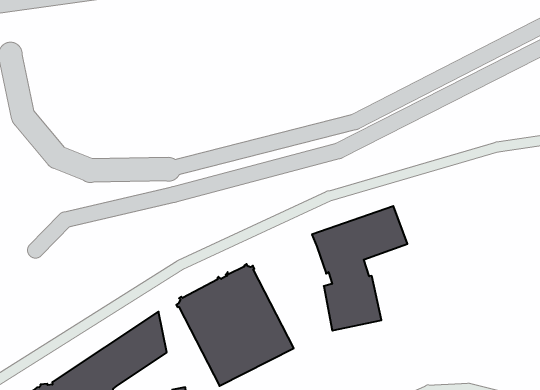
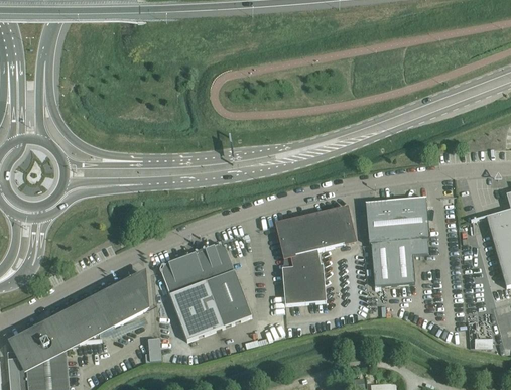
building: none -> [366,198,429,285]

